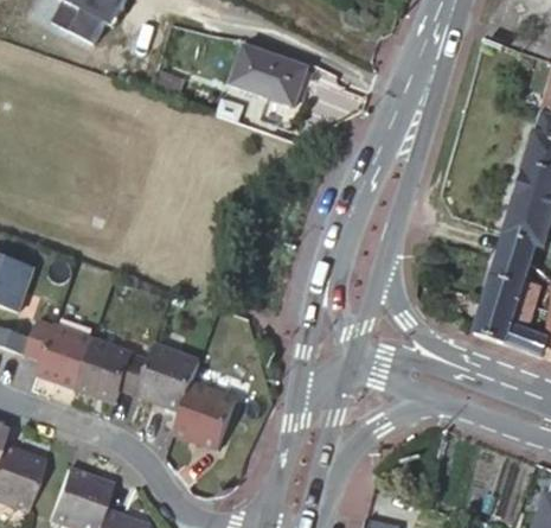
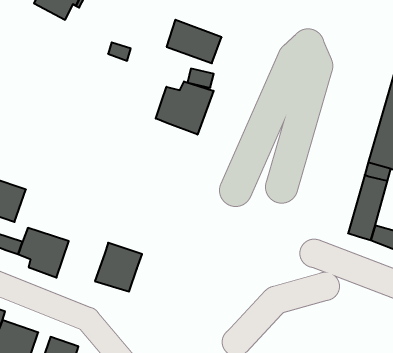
building: none -> [156,81,214,135]
building: [81,341,146,402] -> none
building: [173,378,231,441] -> none

